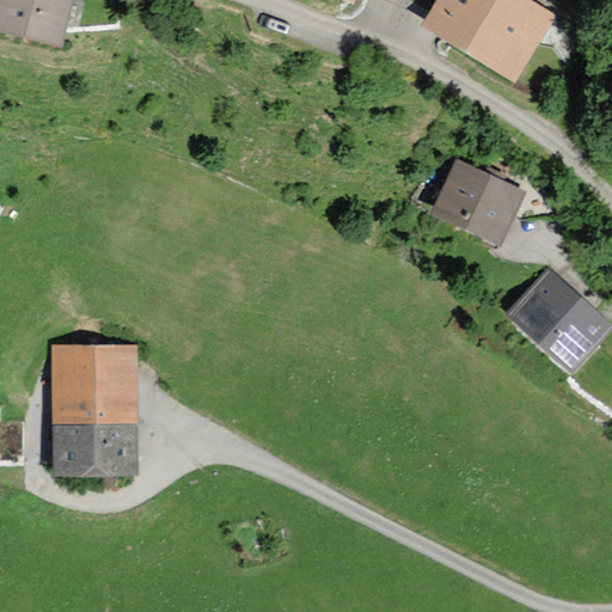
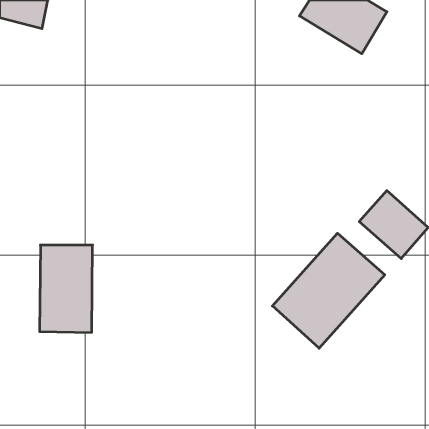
building: [434,164,519,240] -> none
building: none -> [272,233,385,348]

